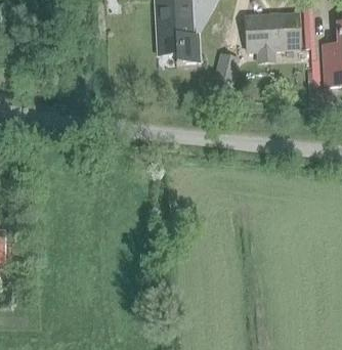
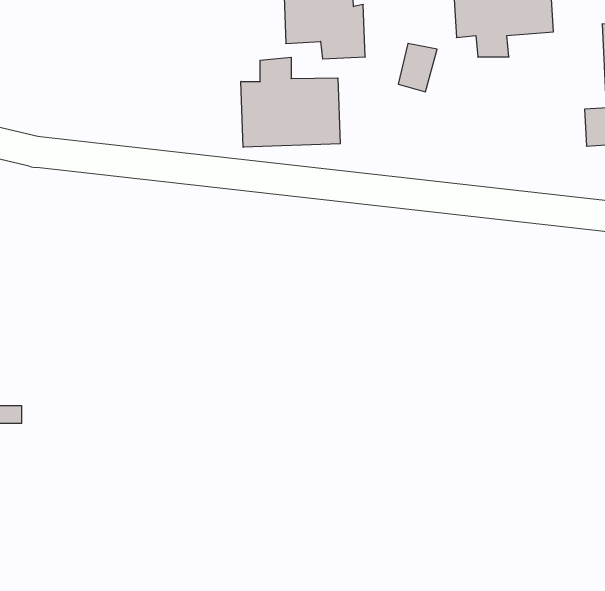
building: none -> [241,57,340,147]

